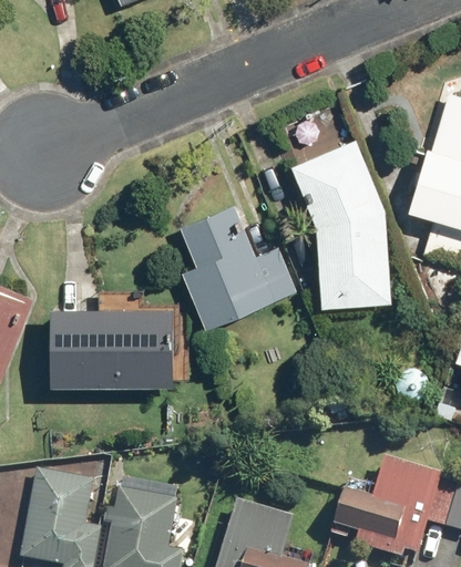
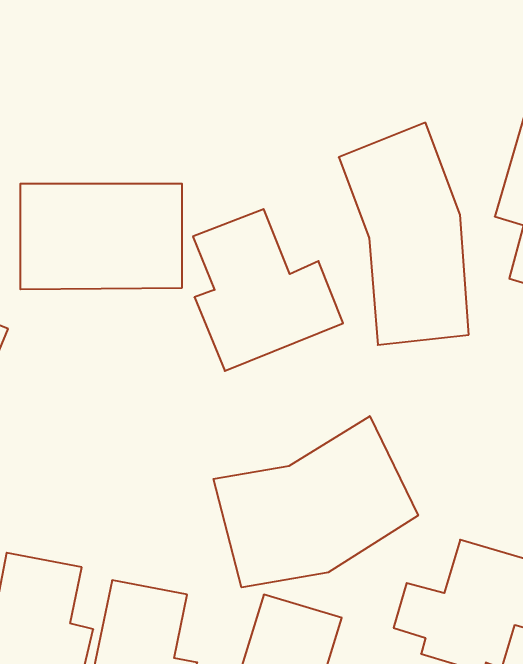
building: [51,306,175,386] -> [20,184,182,289]
building: none -> [213,416,418,587]

